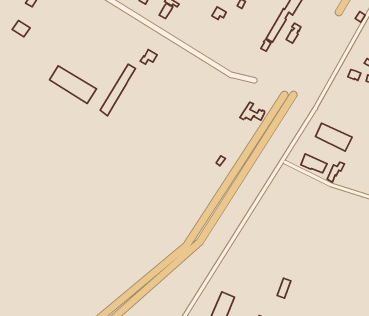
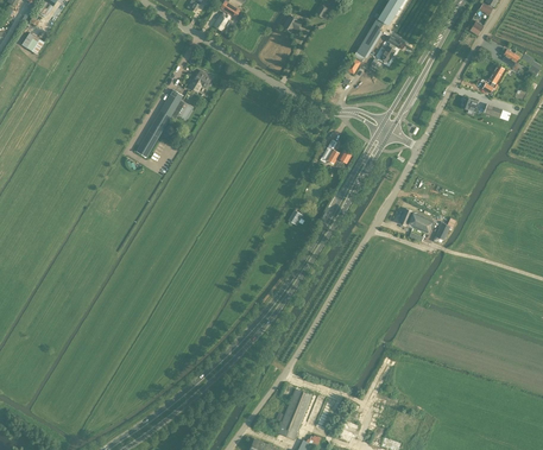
building: [49,66,97,104] -> none
building: [315,123,352,151] -> none

